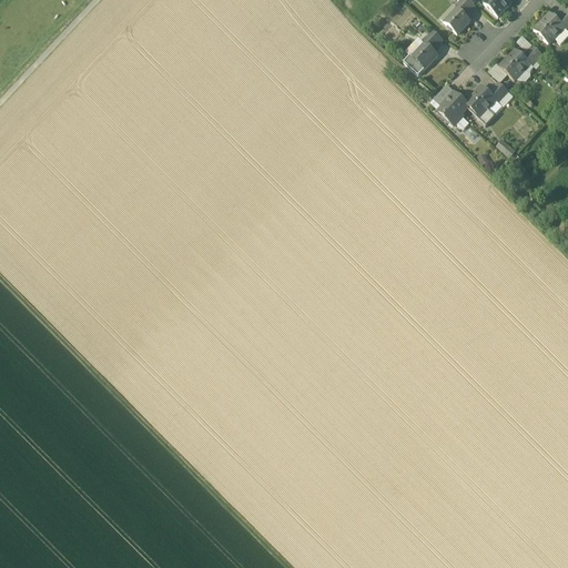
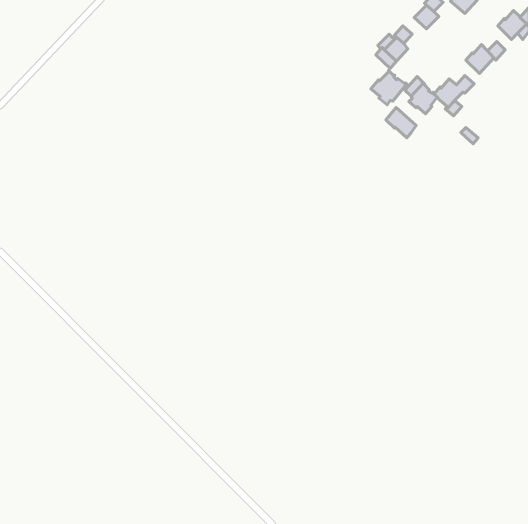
building: none -> [371,71,407,105]
building: none -> [386,108,416,138]

